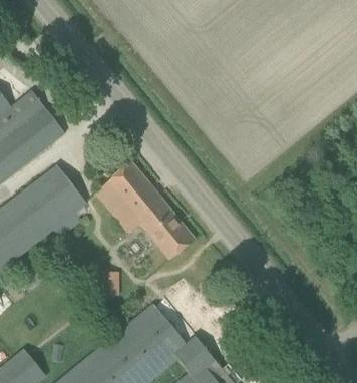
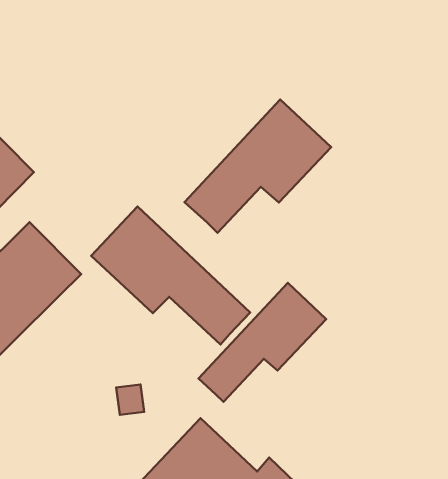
building: none -> [185,100,331,233]
building: none -> [199,283,326,402]

